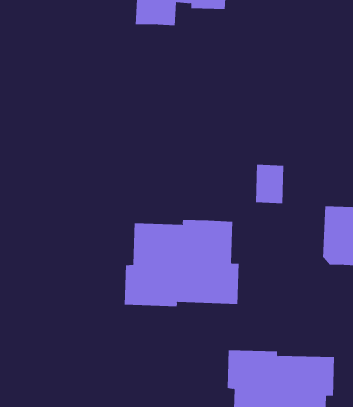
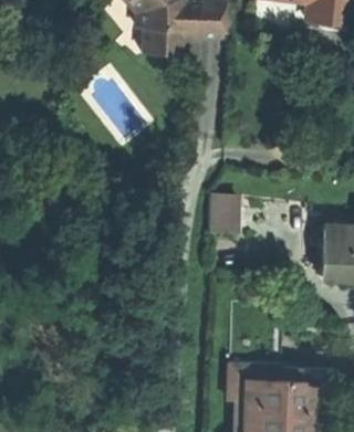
building: [255,164,284,204] -> [210,196,238,233]
building: [124,219,239,307] -> none

